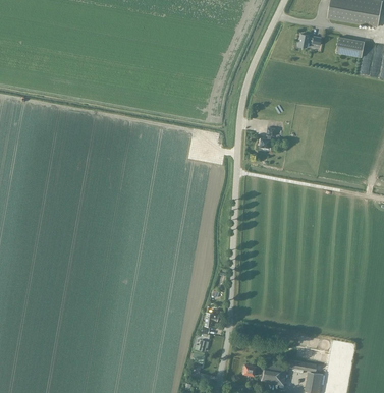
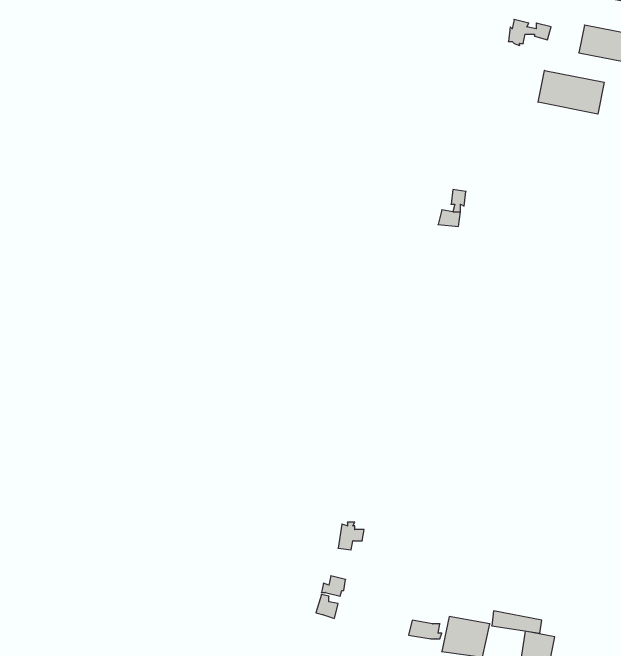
building: none -> [538,70,604,114]

